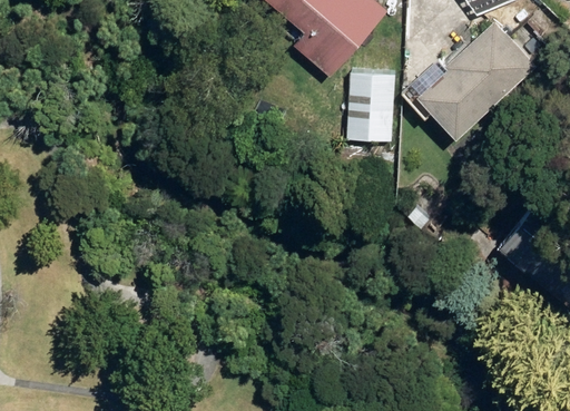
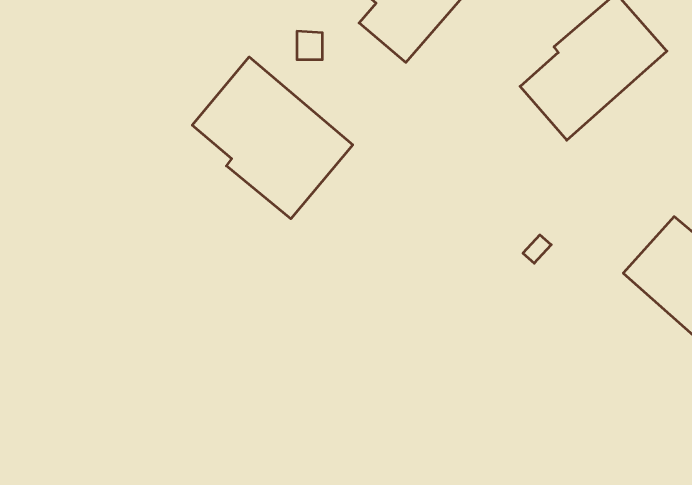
building: none -> [192,57,353,219]
building: [345,74,393,141] -> none

